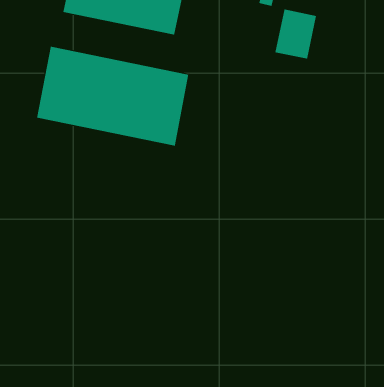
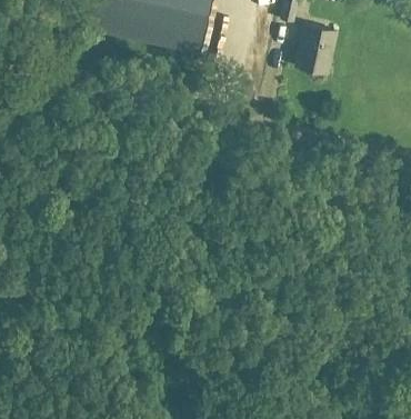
building: [37,46,189,147] -> none

